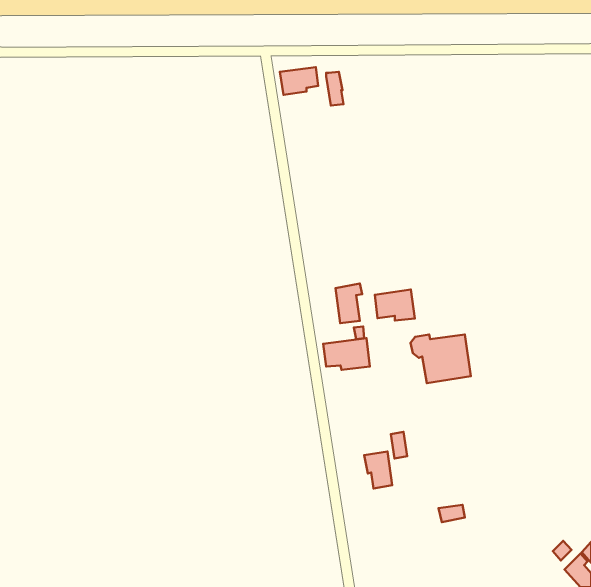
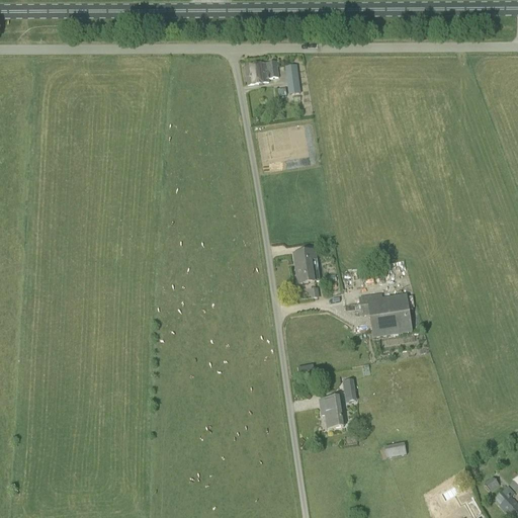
building: [375,289,415,320] -> none
building: [323,338,370,370] -> none

